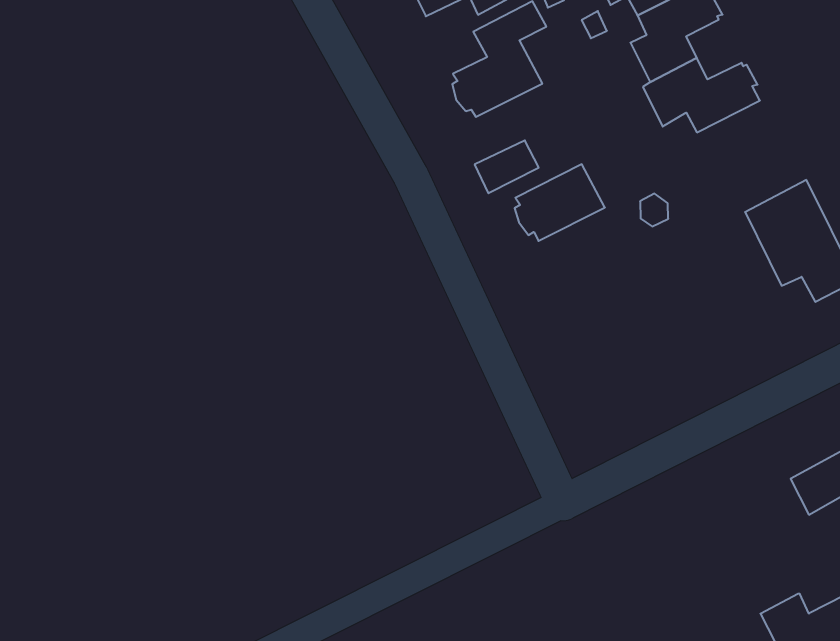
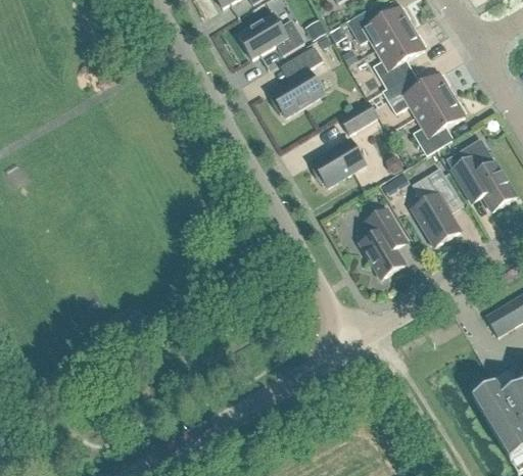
building: none -> [414,94,467,155]
building: [475,140,539,193] -> [340,101,378,134]
building: none -> [413,168,463,245]
building: none -> [361,208,408,278]

